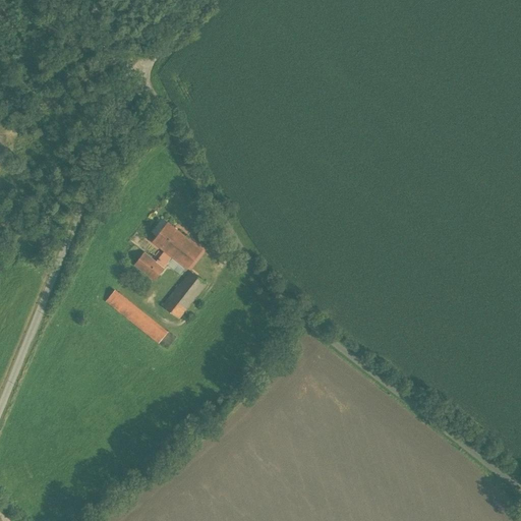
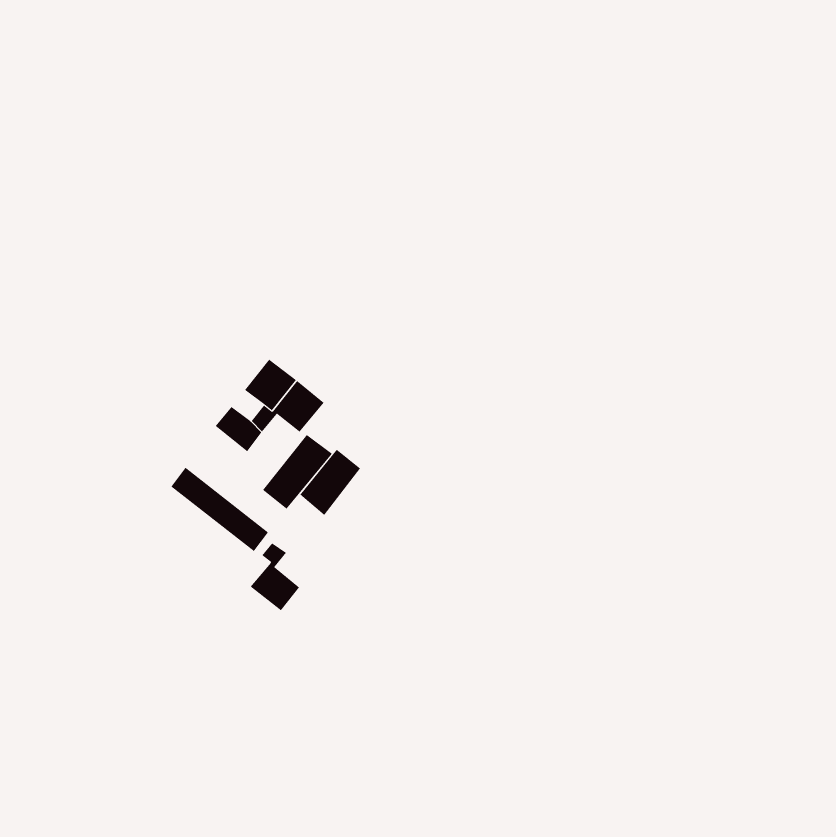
building: none -> [300,449,361,516]
building: none -> [250,542,300,611]

